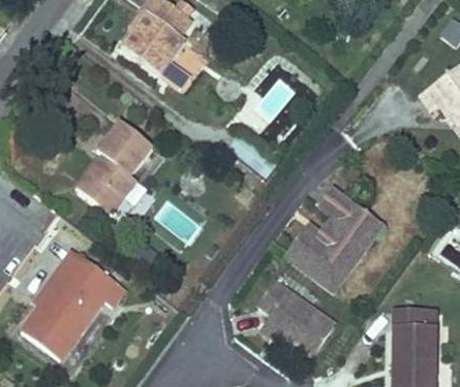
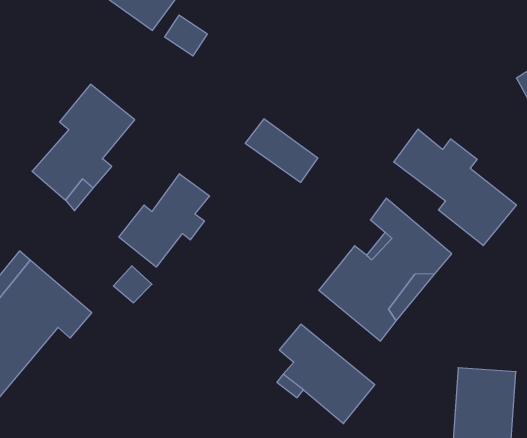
building: none -> [394,129,516,246]
building: none -> [119,174,209,267]

